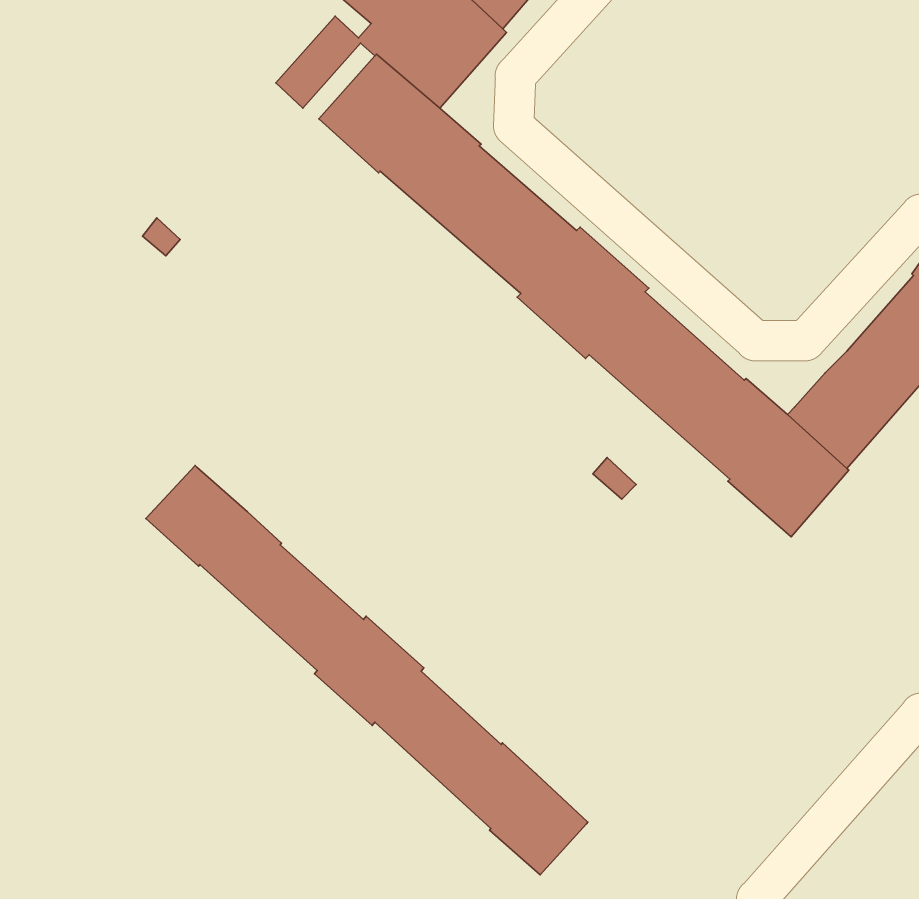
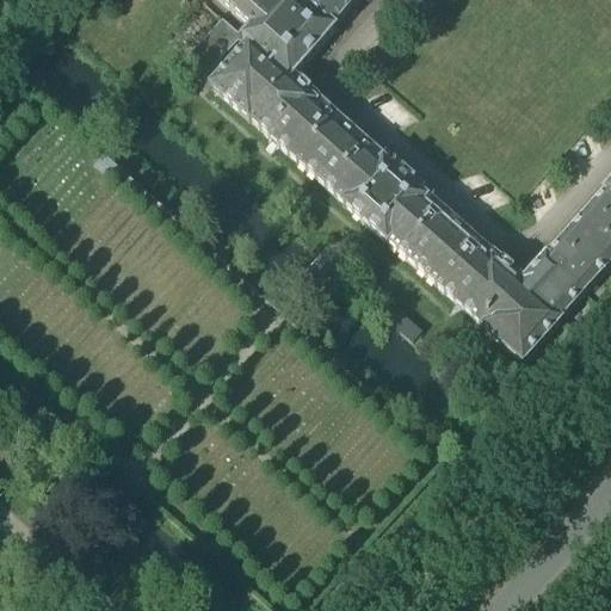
building: [146,466,588,875] -> none

